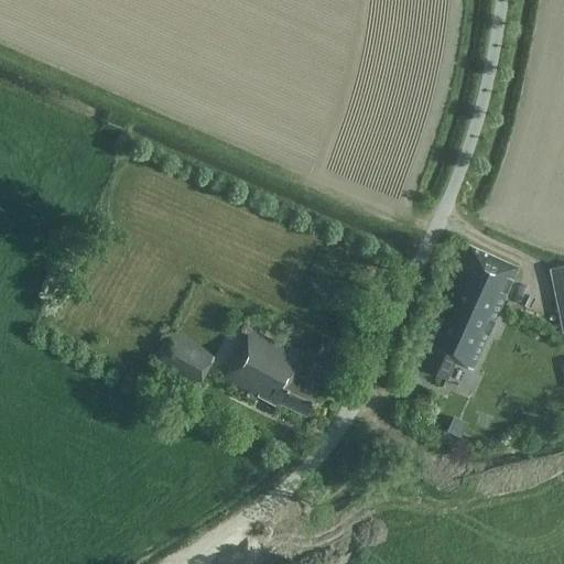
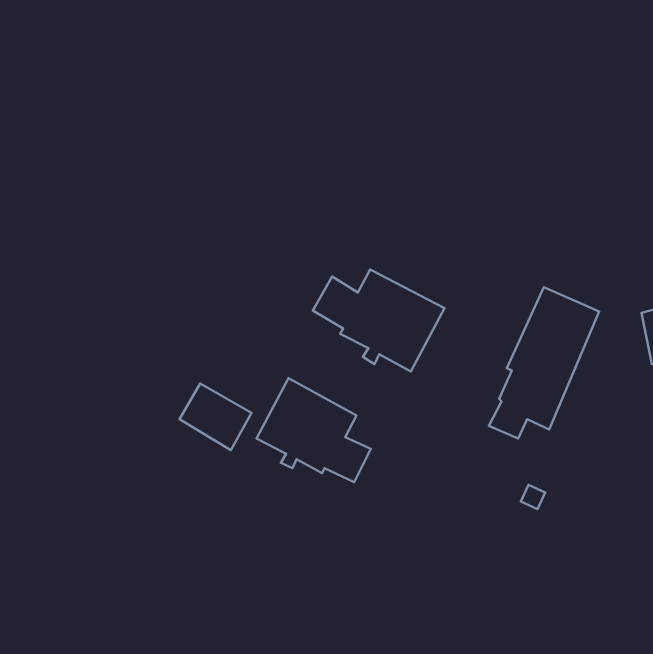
building: none -> [313,270,445,371]

